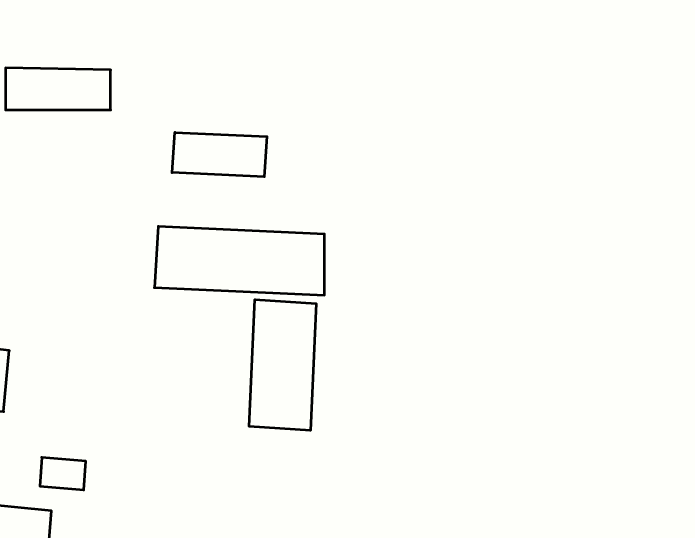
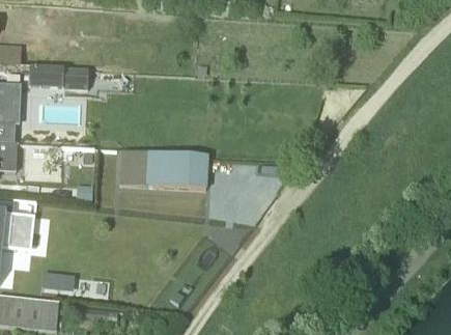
building: [172,132,267,177] -> none
building: [249,300,316,430] -> none

